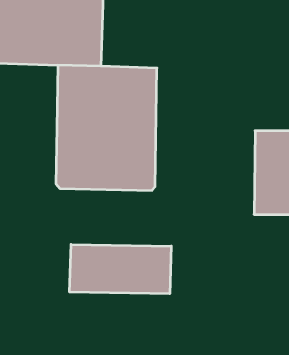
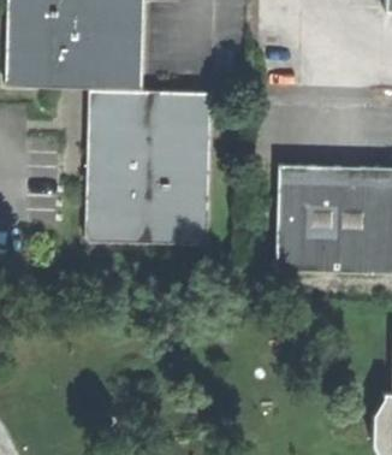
building: none -> [266,170,334,276]
building: [70,244,171,294] -> none

